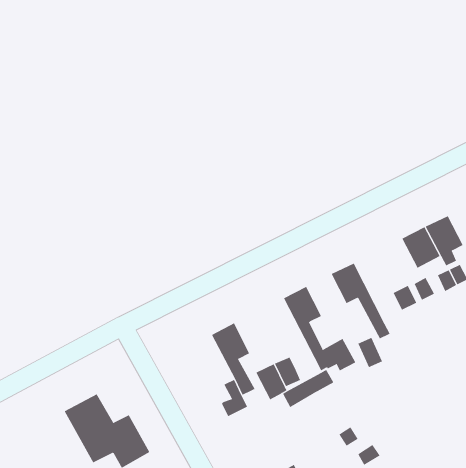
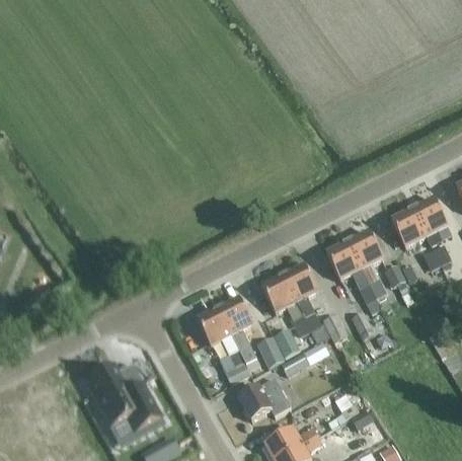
building: none -> [348,231,386,298]
building: none -> [261,275,311,335]
building: none -> [197,308,238,354]
building: none -> [238,377,290,420]

